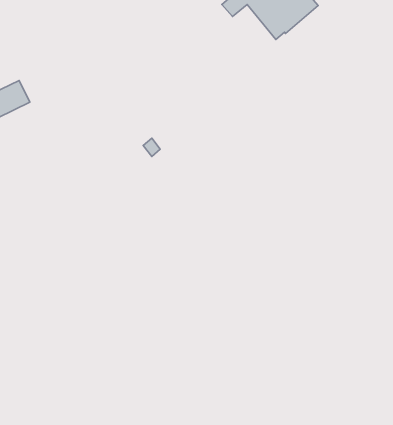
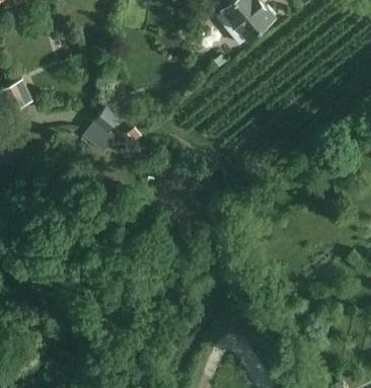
building: none -> [86,107,121,151]

